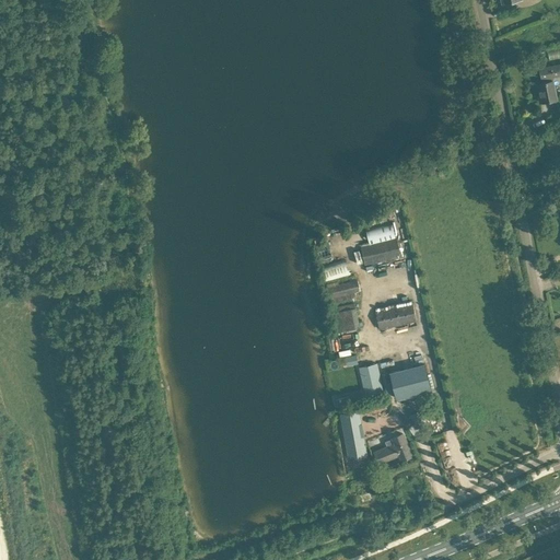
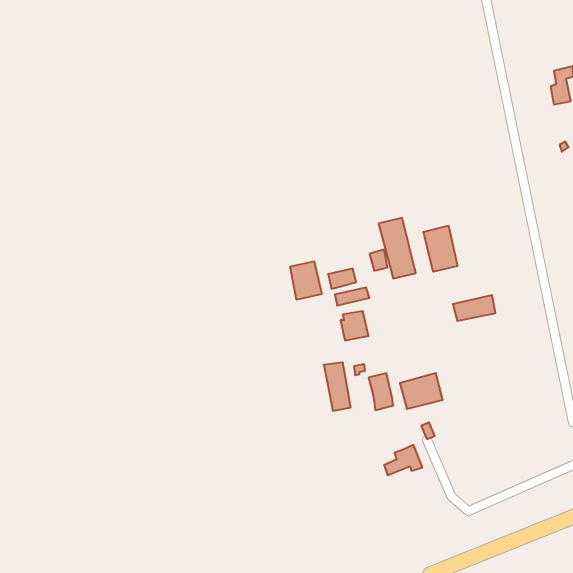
building: none -> [423,226,457,272]
building: none -> [290,261,322,300]
building: [374,304,416,329] -> [453,295,495,321]
building: [339,411,365,458] -> [324,363,351,411]

